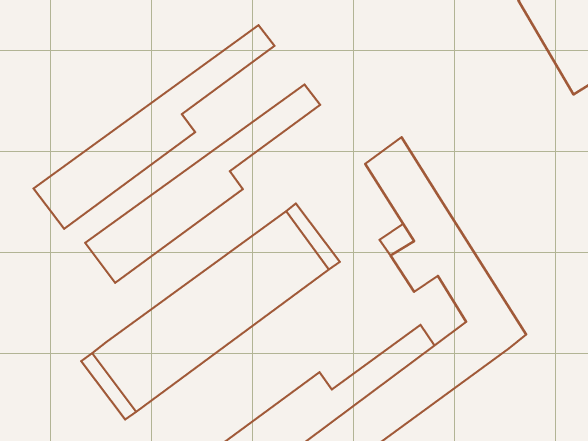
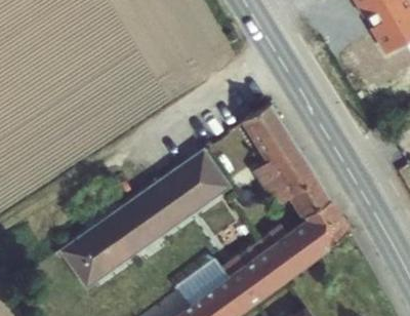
building: [34,25,274,229] -> none
building: [85,84,320,283] -> none

